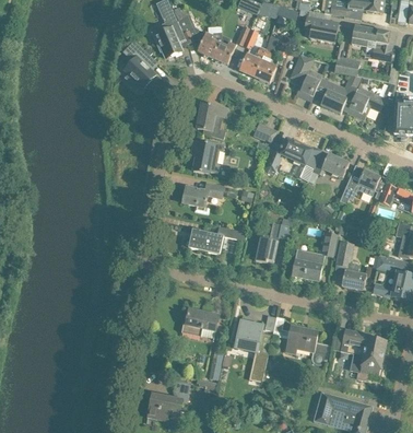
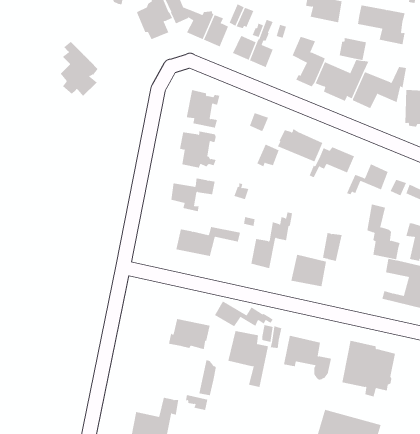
building: [121,36,156,86] -> [60,41,99,97]
building: [335,239,366,290] -> [366,204,400,260]
building: none -> [214,301,274,327]

